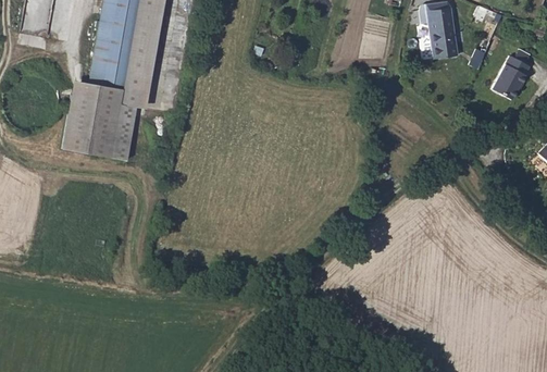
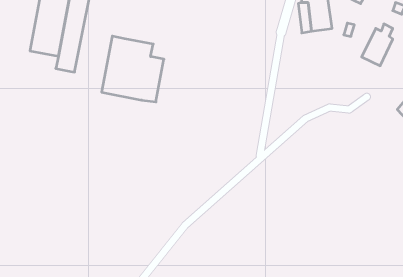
building: [61,78,137,159] -> [102,36,164,102]

